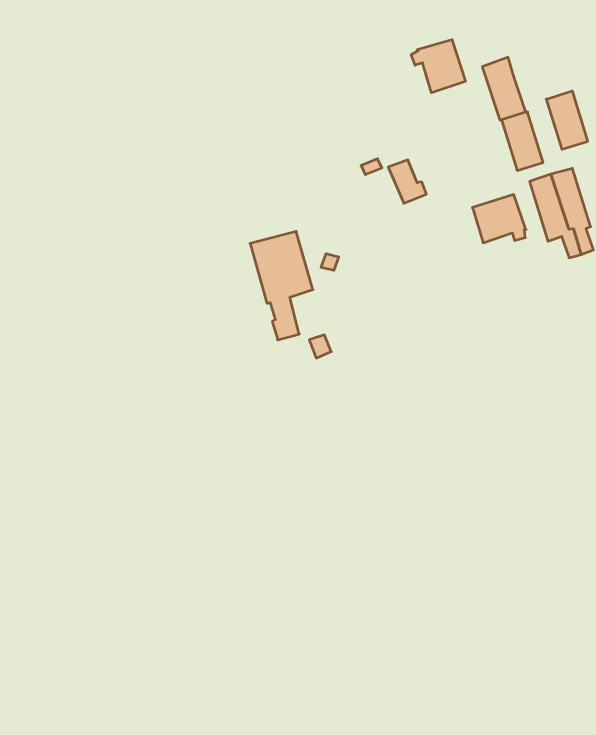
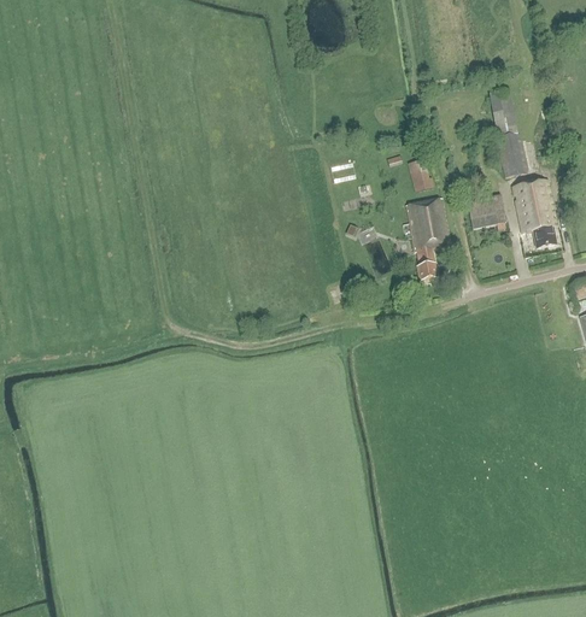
building: [411,40,465,93] -> none
building: [546,91,588,149] -> none
building: [250,231,313,340] -> [405,199,449,280]

